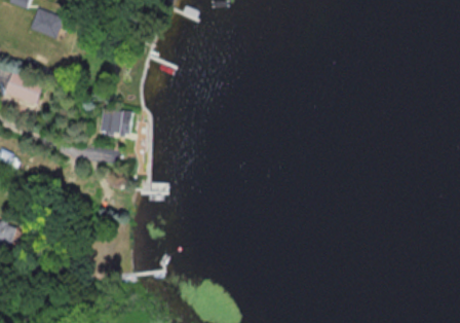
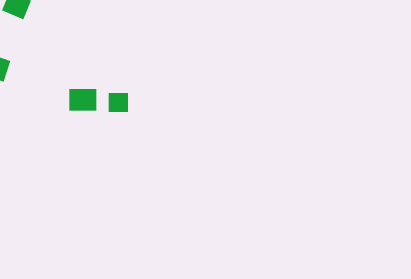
building: none -> [108,92,128,113]

